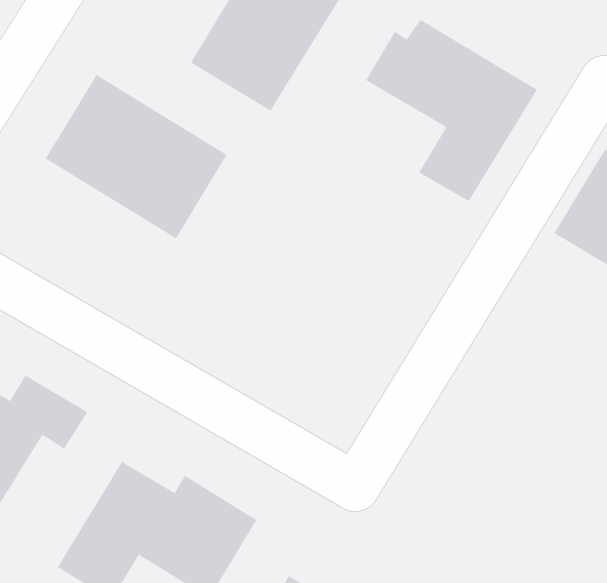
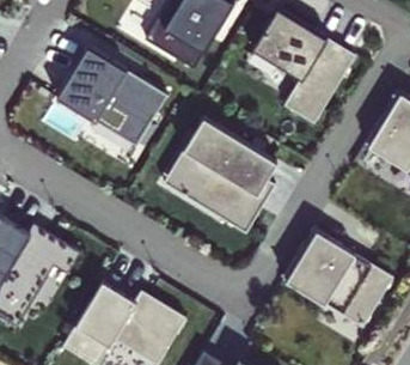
building: none -> [178,118,276,233]
building: none -> [282,230,393,329]

